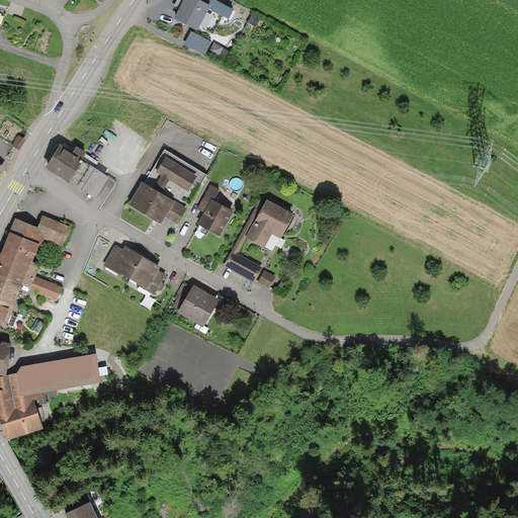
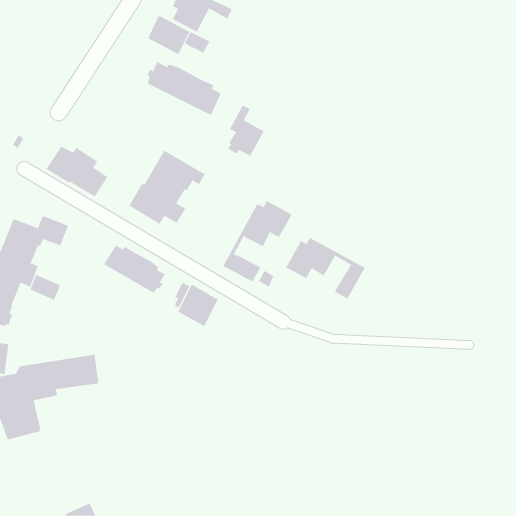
building: none -> [147,15,190,55]
building: none -> [147,61,222,116]
building: [195,185,233,237] -> [227,105,265,156]
building: none -> [285,237,365,299]

